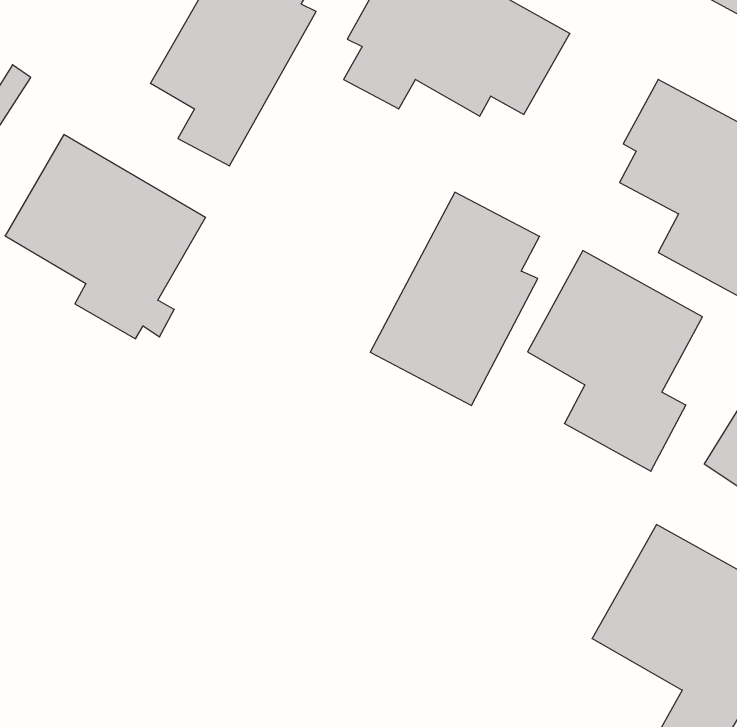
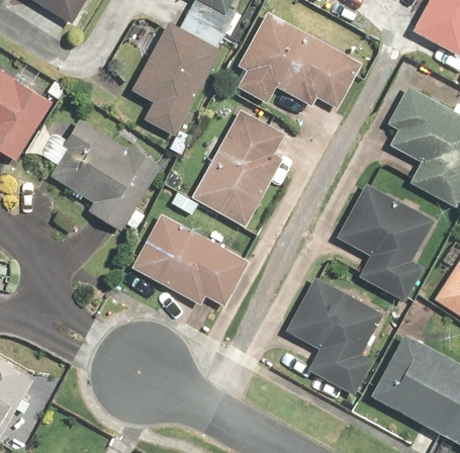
building: [370,192,540,406] -> [192,108,285,225]
building: none -> [131,212,248,306]
building: none -> [285,272,386,396]

